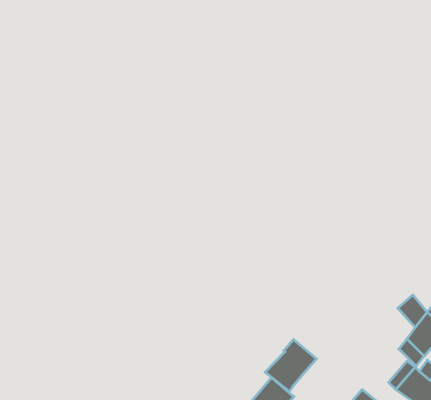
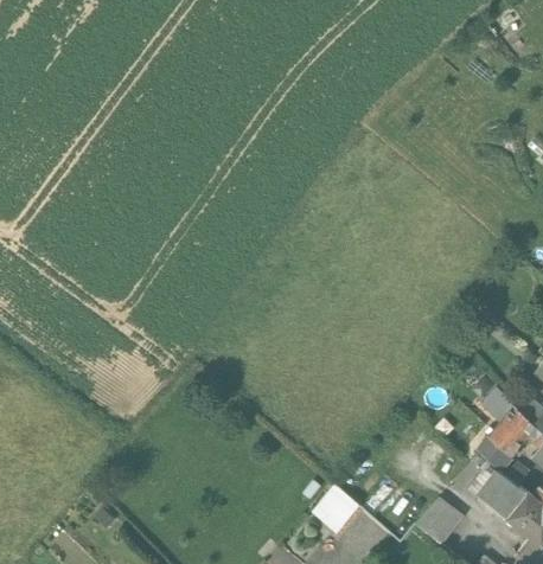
building: [265,339,317,391] -> none

